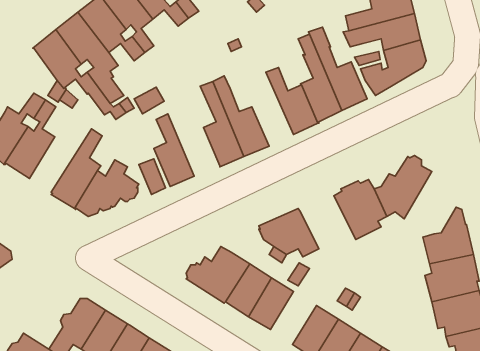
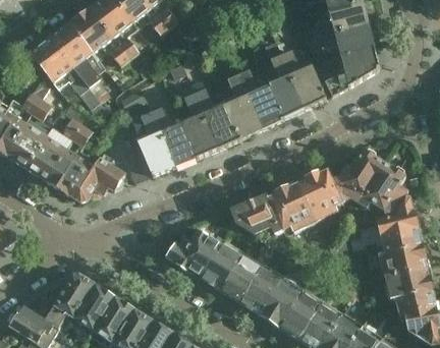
building: none -> [224,74,261,139]
building: none -> [28,106,90,180]
building: none -> [150,107,196,166]
building: none -> [359,162,407,217]
building: none -> [267,183,316,233]
building: none -> [240,268,281,314]

